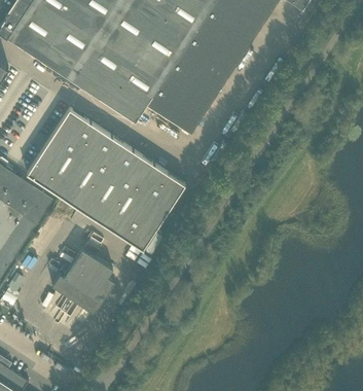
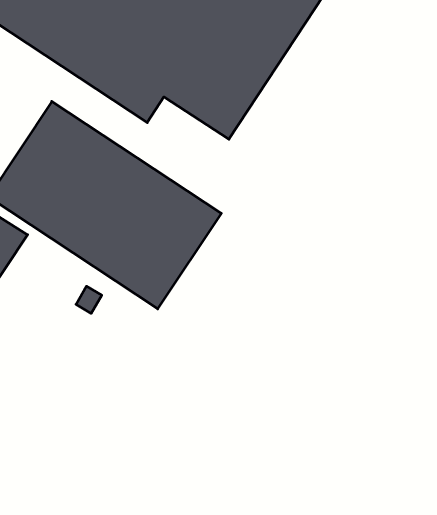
building: [51,248,115,314] -> none

